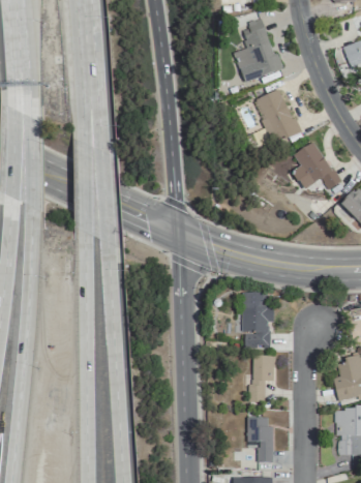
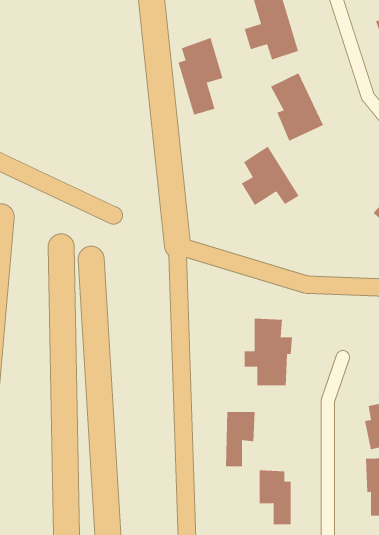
building: none -> [178,37,223,115]
building: [292,141,340,190] -> [241,146,300,206]
building: [250,356,275,401] -> [225,412,255,467]

